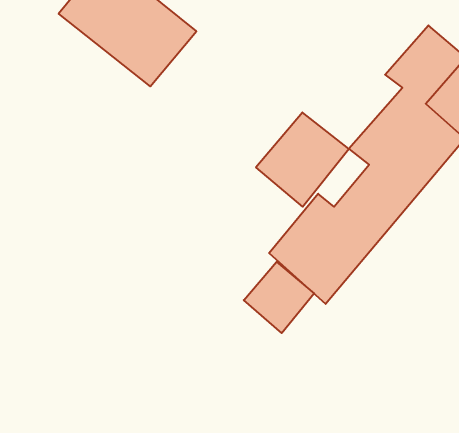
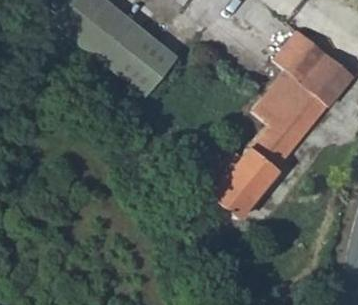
building: [256,112,349,207] -> [112,26,176,91]
building: [244,262,314,333] -> none

